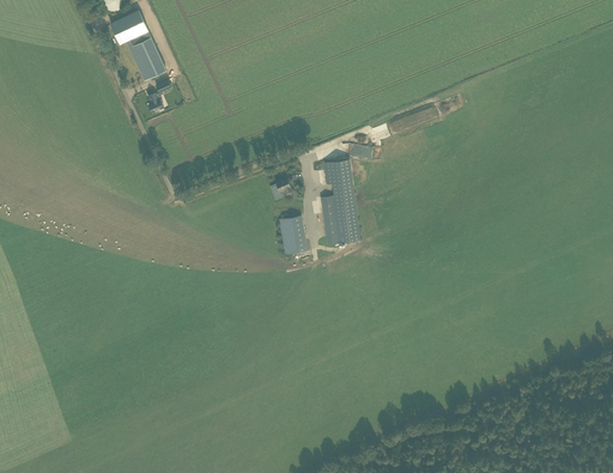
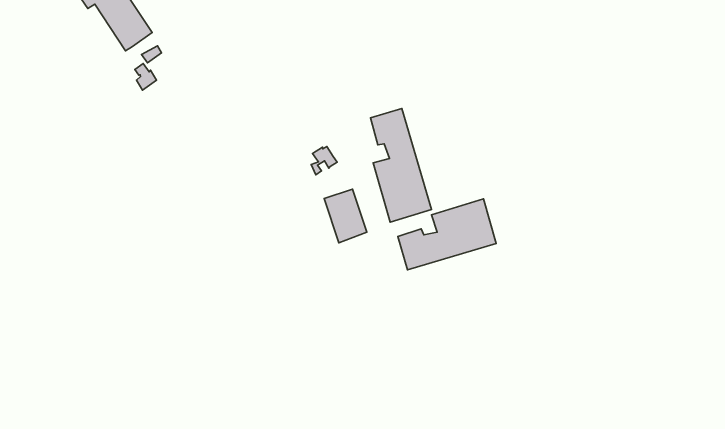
building: none -> [398,199,496,270]

